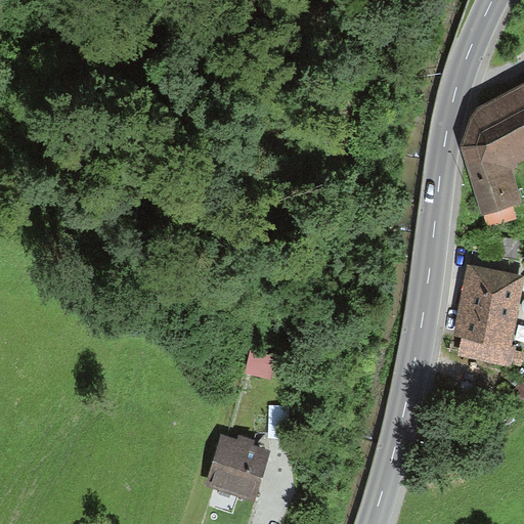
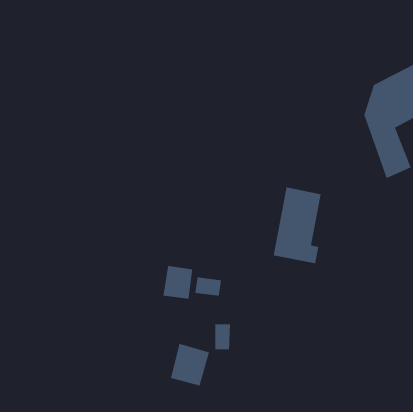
building: [456,267,518,364] -> [273,187,322,264]
building: none -> [163,265,193,299]

